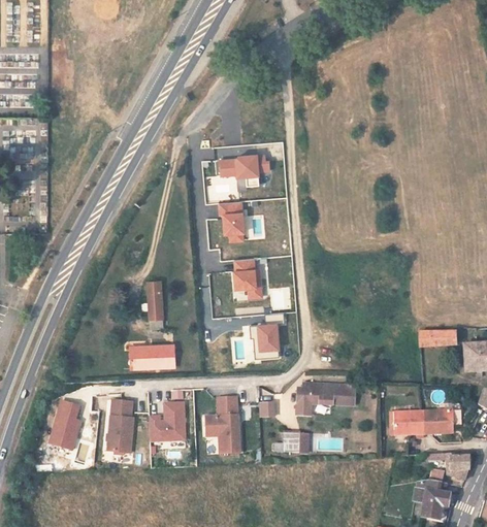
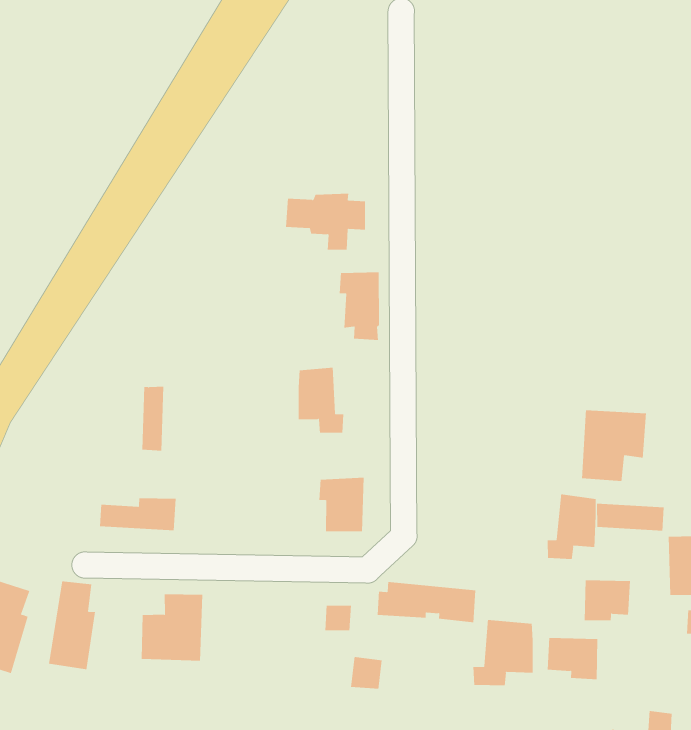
building: [221,201,247,242] -> [339,272,380,340]
building: none -> [581,409,646,482]
building: none -> [547,494,596,560]
building: [196,393,232,452] -> none
building: none -> [473,619,533,686]
building: [426,410,454,436] -> [584,580,631,621]

